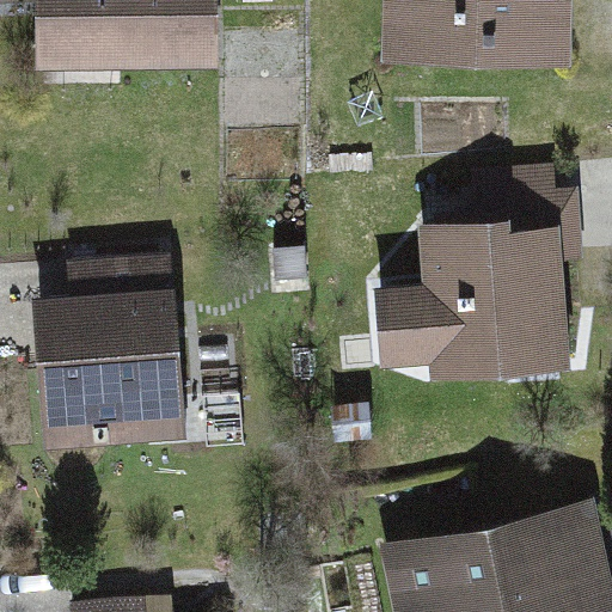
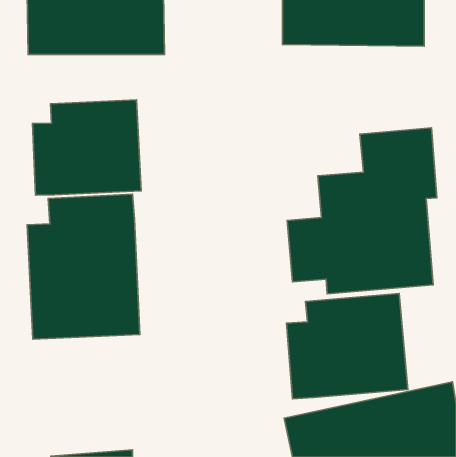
building: none -> [32,100,141,195]
building: none -> [286,294,408,399]

